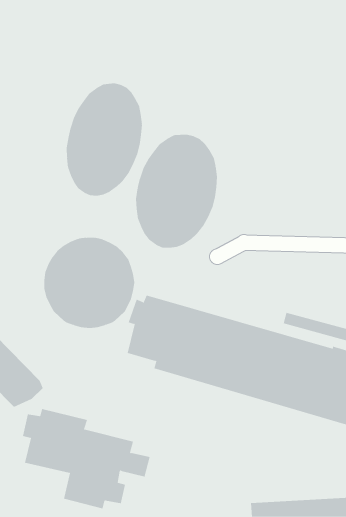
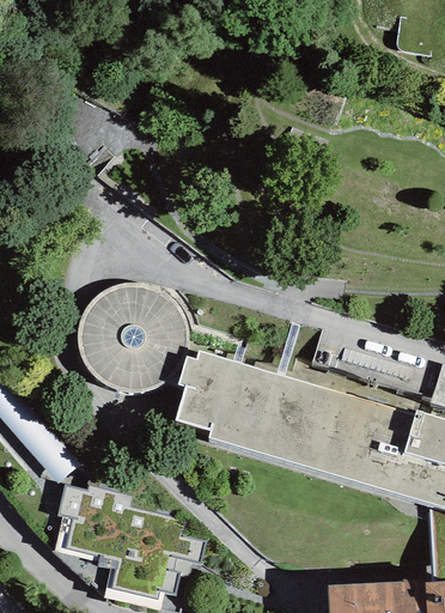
building: [66,83,142,196] -> none
building: [135,134,218,249] -> none

